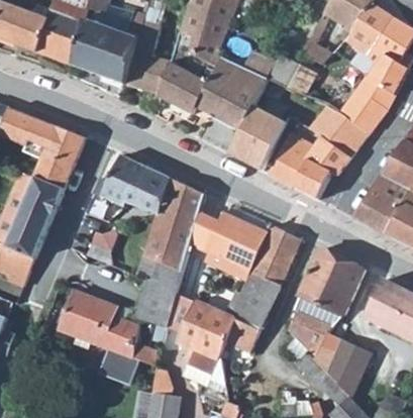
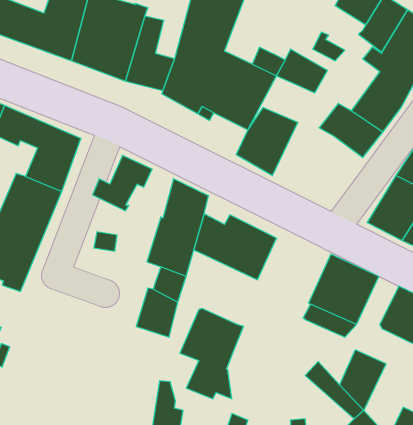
building: [268,132,349,199] -> none
building: [124,168,170,214] -> none
building: [226,225,300,352] -> none
building: [60,290,160,384] -> none
building: [286,311,342,373] -> none

